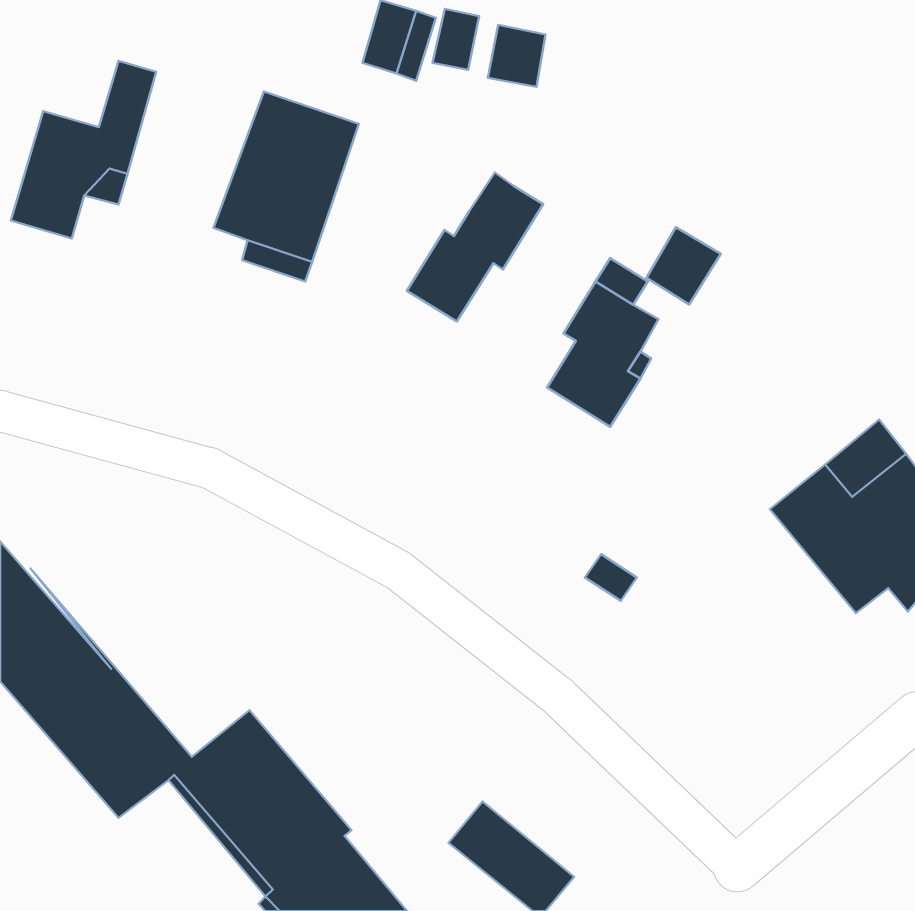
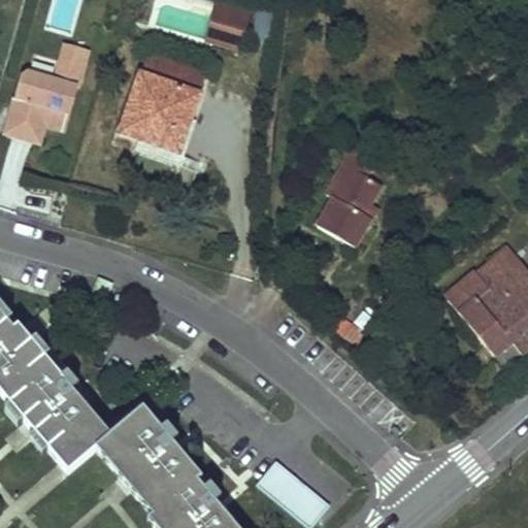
building: [488,25,545,87] -> none
building: [407,173,543,321] -> none
building: [646,227,721,305] -> none

